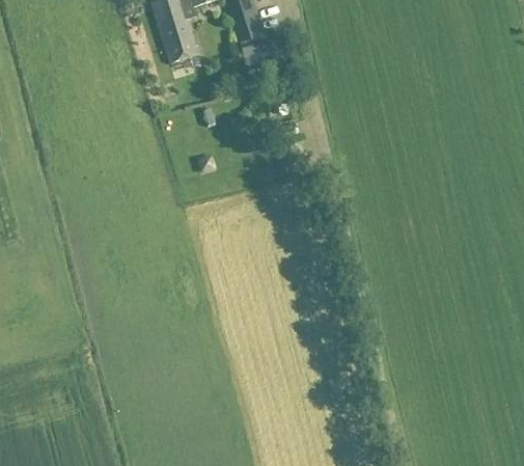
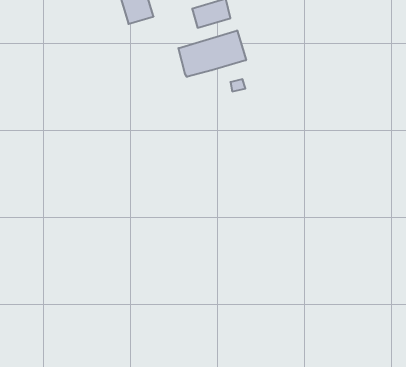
building: none -> [178,30,246,77]

